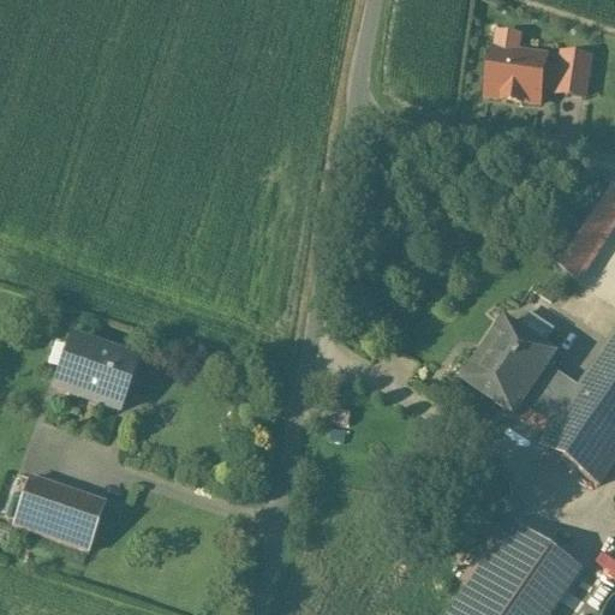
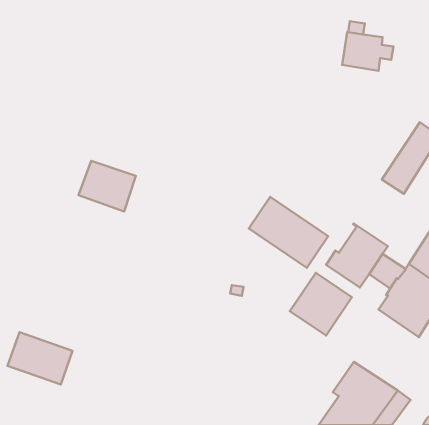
building: [560,50,592,92] -> none
building: none -> [249,197,328,268]
building: [54,335,136,407] -> [79,161,136,211]
building: none -> [290,273,352,336]

